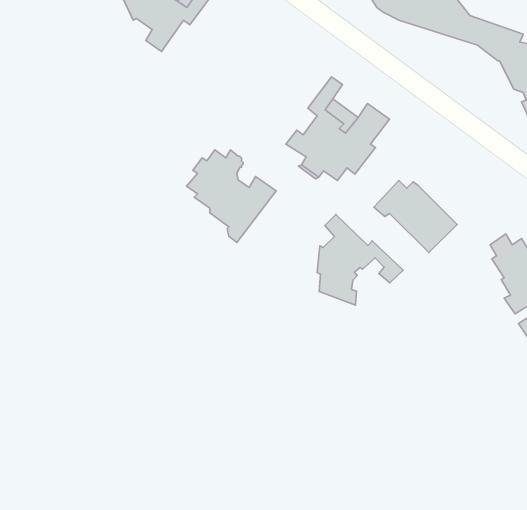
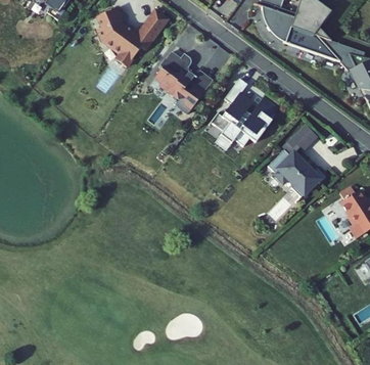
building: none -> [280,123,316,153]
building: [186,150,276,243] -> [156,50,215,110]
building: [317,214,403,305] -> none

